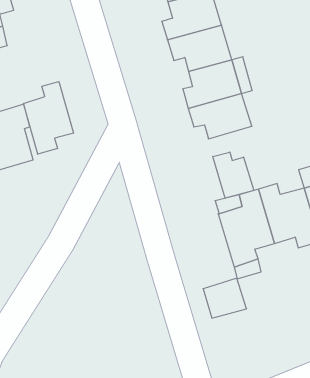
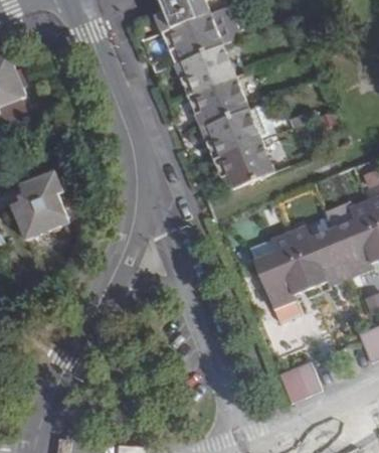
building: [23,82,74,154] -> none
building: [213,152,254,198] -> none
building: [203,278,247,318] -> [277,359,321,400]

